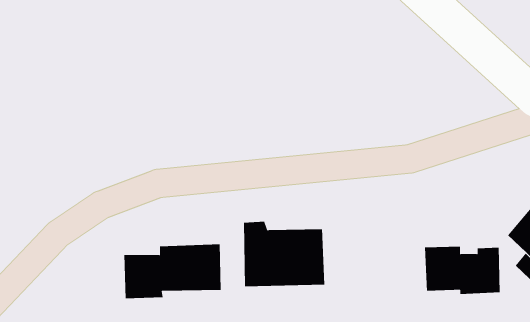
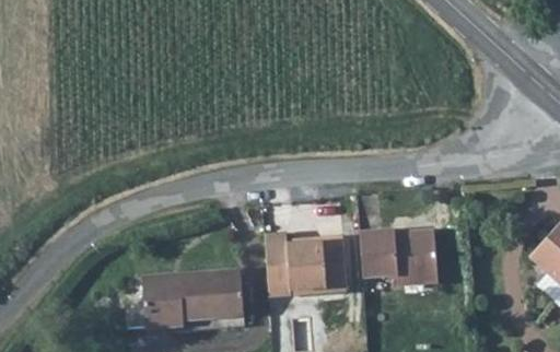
building: [424,246,501,295] -> [362,230,440,279]

